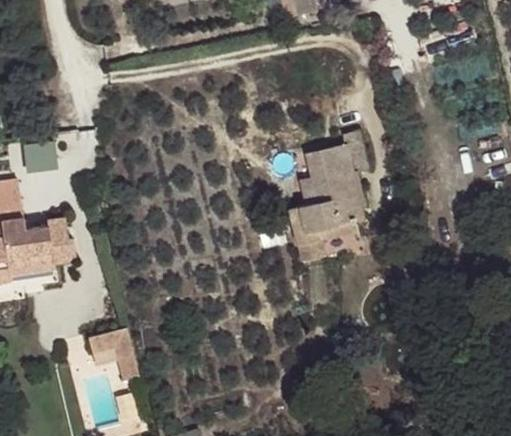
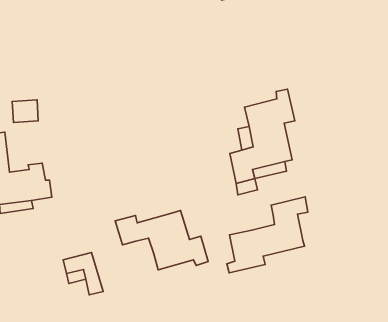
building: none -> [227,197,308,273]
building: none -> [115,211,208,270]

